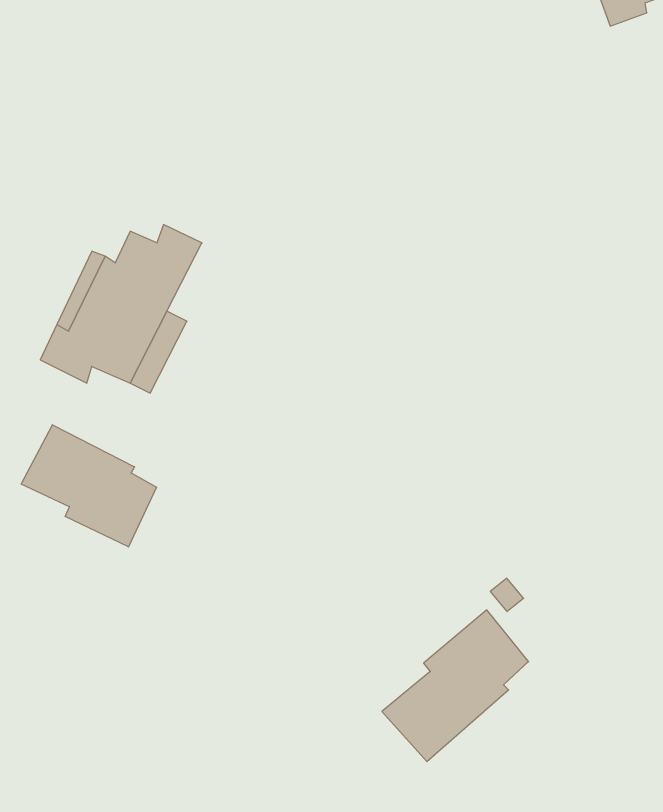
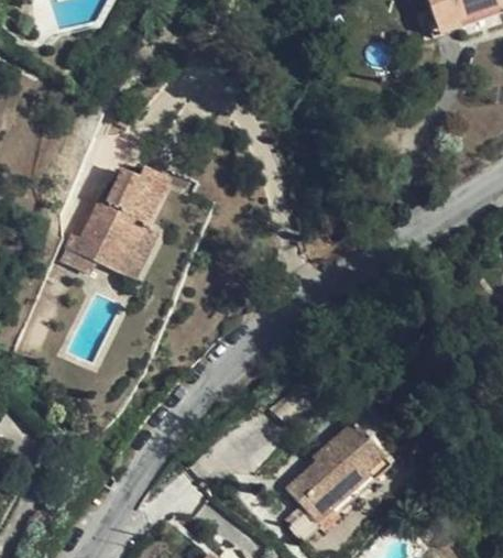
building: [21,425,156,547] -> none

